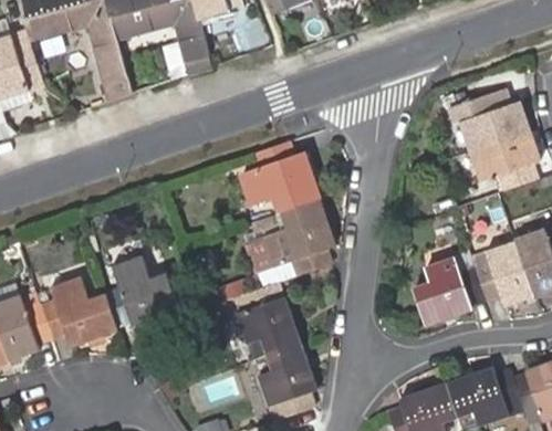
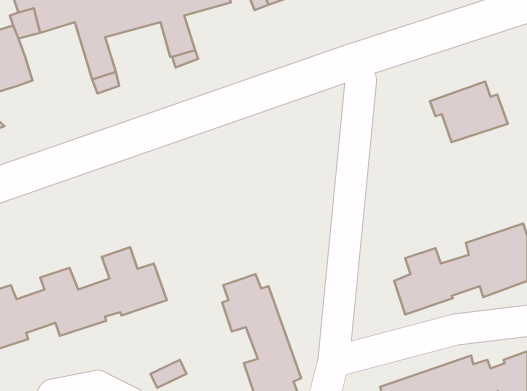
building: [470,130,538,189] -> none
building: [241,138,334,274] -> none

